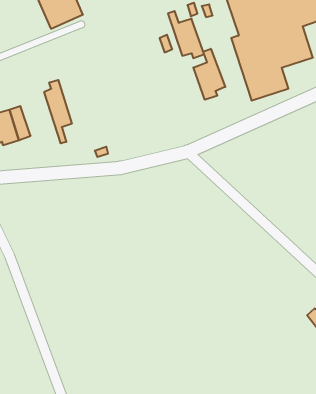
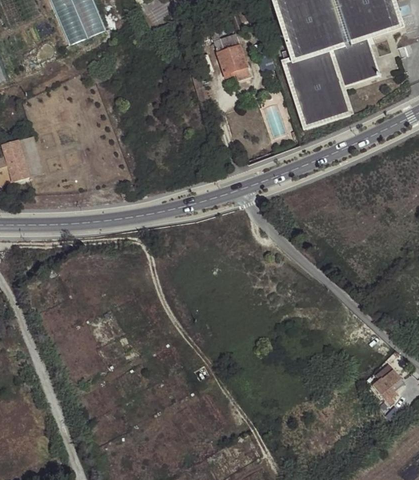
building: [193,49,225,100] -> none
building: [44,80,72,143] -> none

